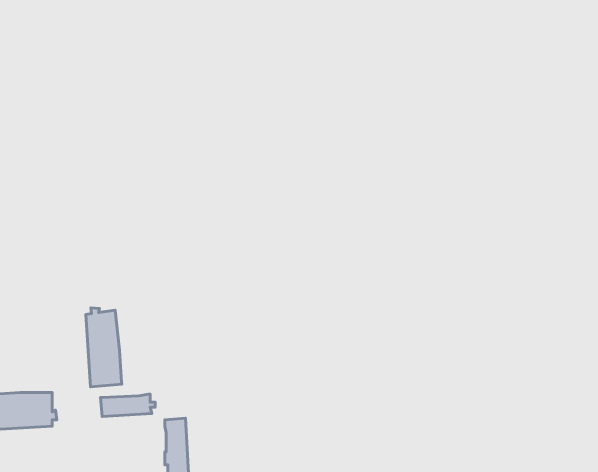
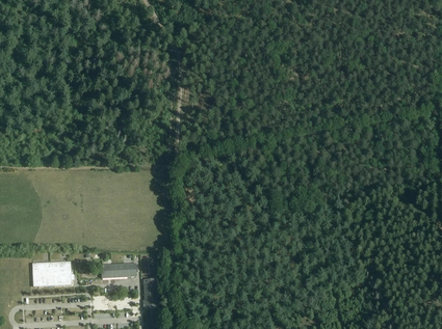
building: [86,308,122,387] -> none

